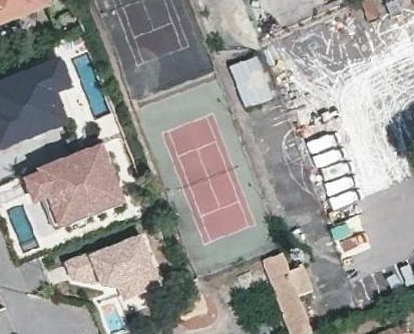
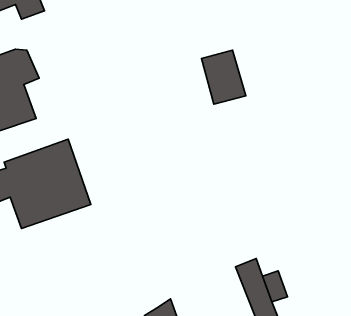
building: [68,231,157,300] -> none

